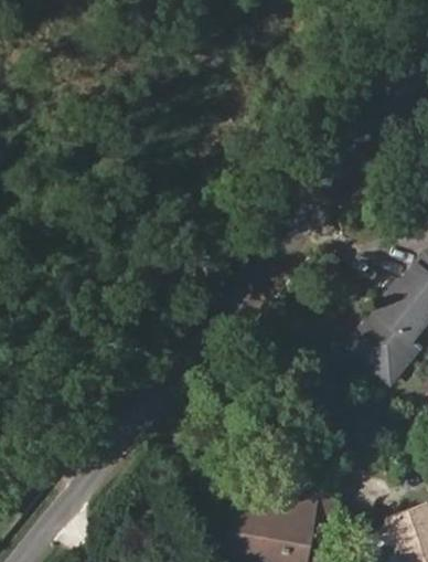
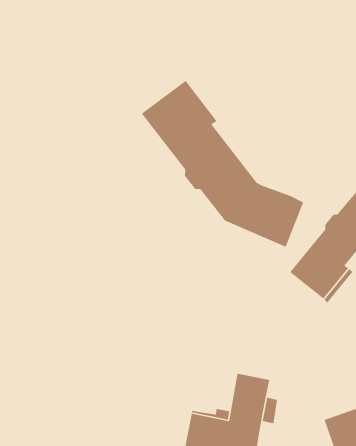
building: none -> [141,80,304,248]

